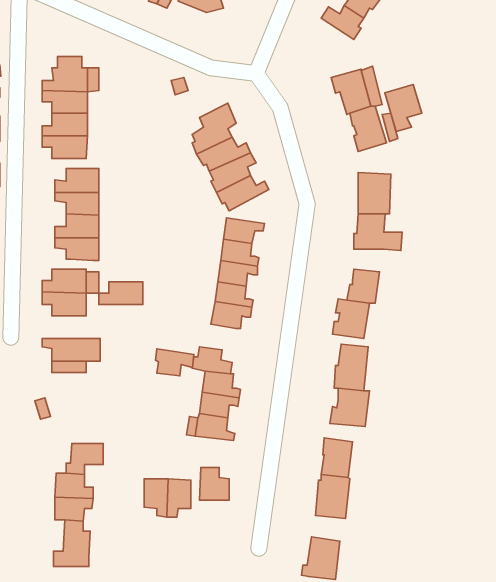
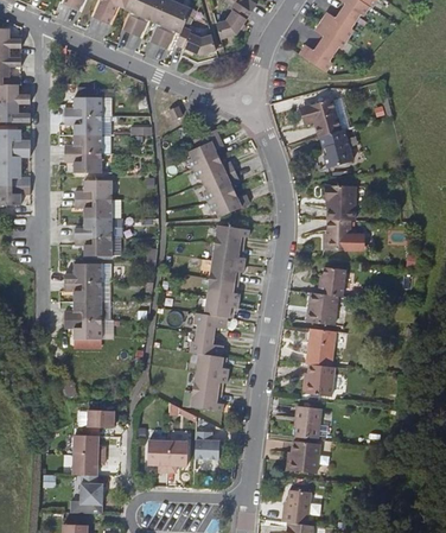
building: [385,84,422,132] -> none
building: [99,282,143,304] -> [63,304,100,323]
building: [156,349,194,376] -> [193,310,225,332]

